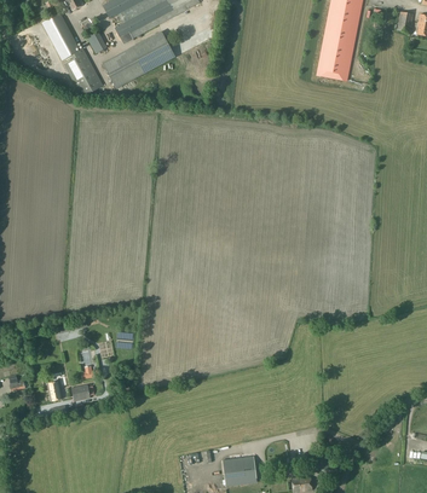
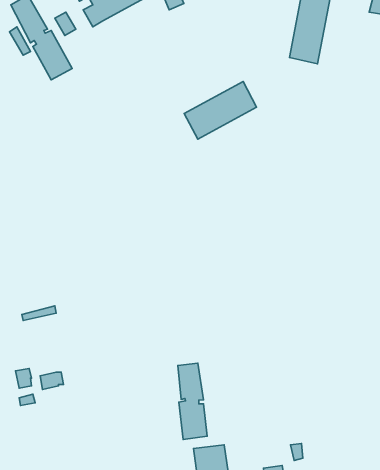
building: [103,30,174,87] -> [184,81,257,139]
building: none -> [178,363,207,440]

